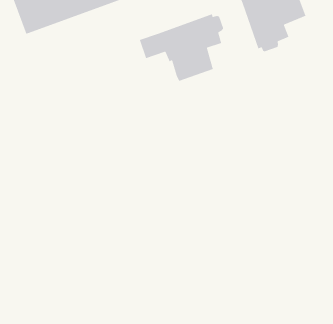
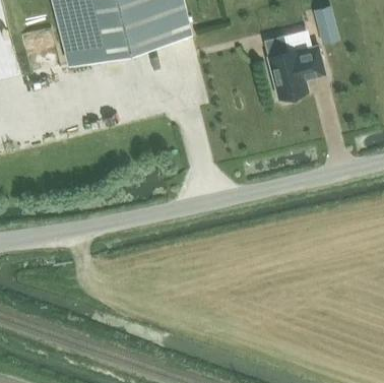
building: [139,13,224,82] -> none

